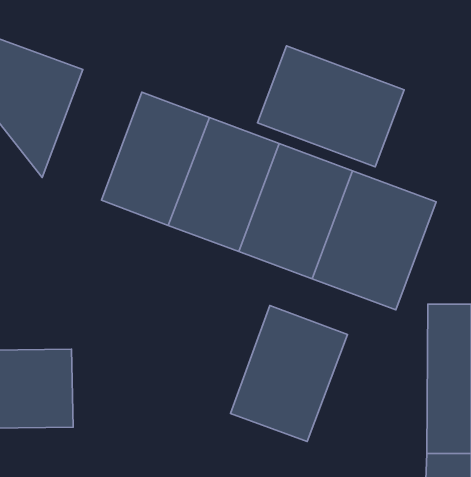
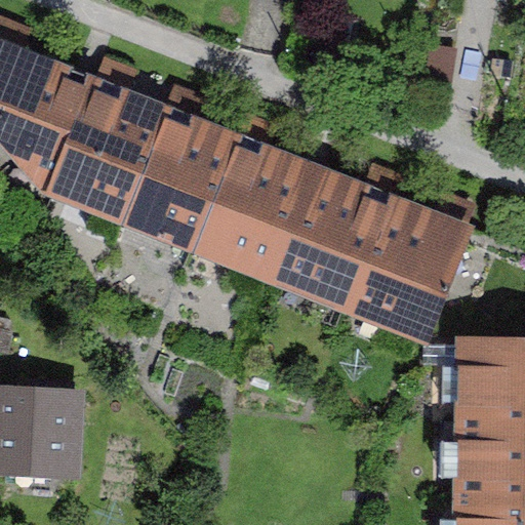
building: [257,46,404,167] -> none
building: none -> [46,79,155,221]
building: [231,305,347,442] -> none

